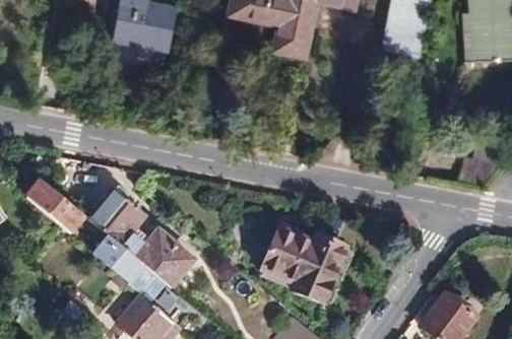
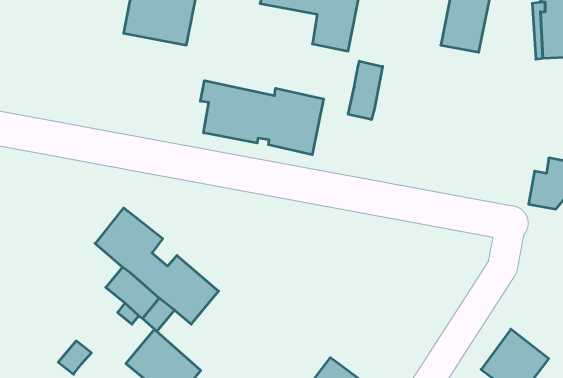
building: none -> [348,61,383,120]
building: none -> [200,81,324,155]
building: [25,179,84,234] -> none
building: [260,227,346,306] -> none

